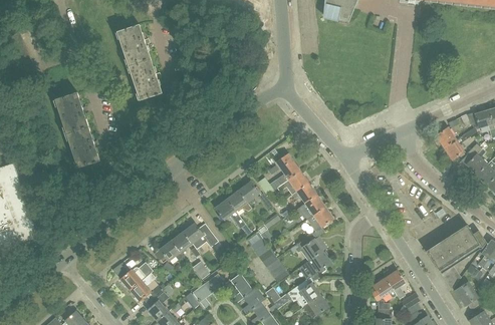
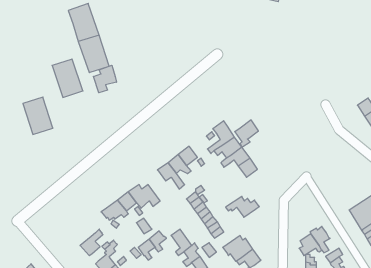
building: none -> [93,65,116,93]
building: [54,91,88,133] -> [52,59,83,97]
building: [307,206,333,236] -> [235,120,258,147]
building: [306,250,331,280] -> none
building: [112,264,147,290] -> none

